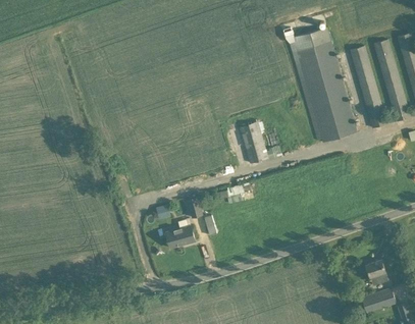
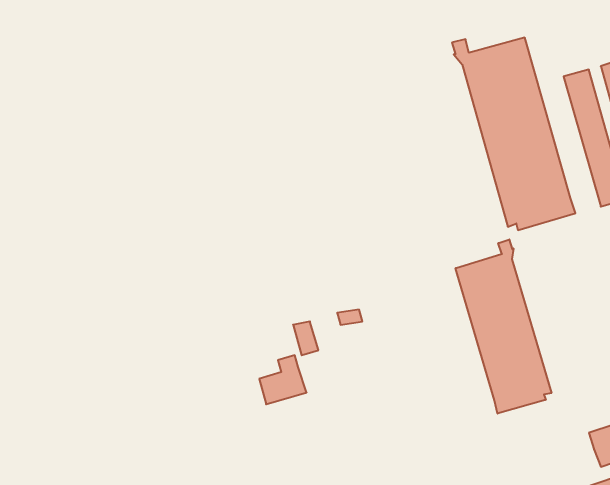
building: [241,121,269,163] -> none
building: none -> [456,239,551,414]

